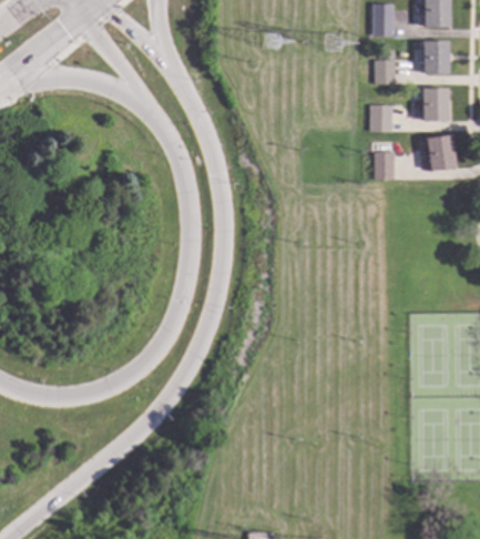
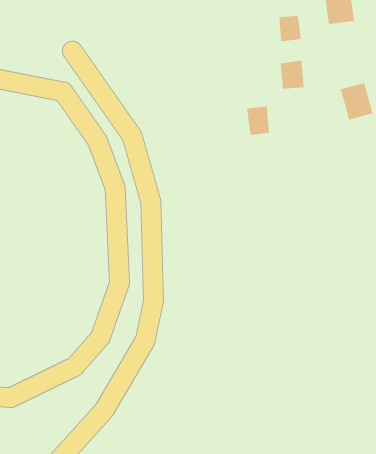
building: [413,87,448,120] -> none
building: [374,151,395,179] -> [246,105,270,136]

